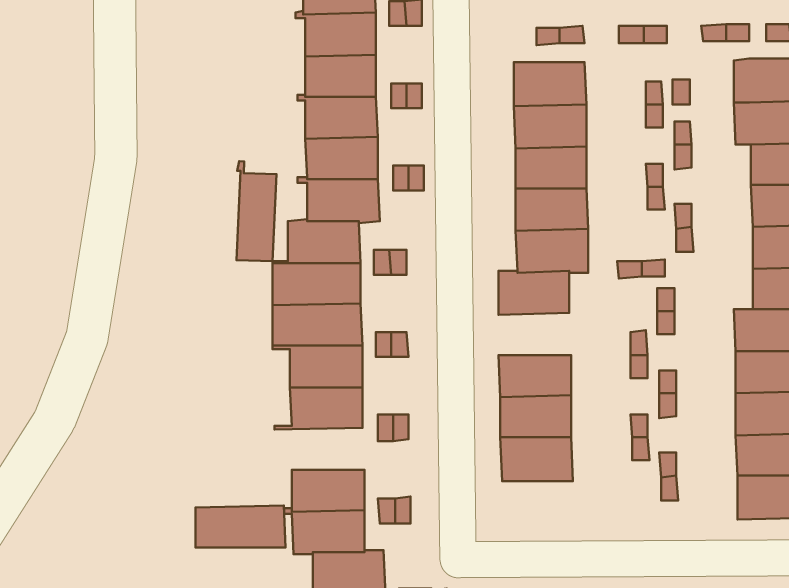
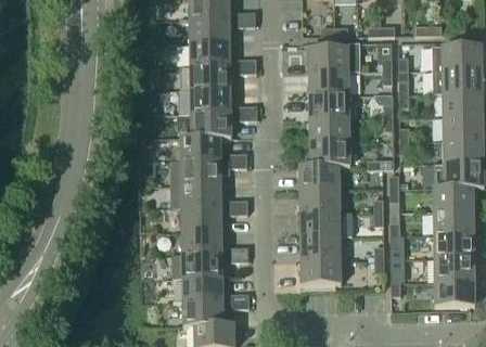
building: [236,161,277,261] -> none
building: none -> [299,188,341,211]
building: [196,505,286,548] -> [172,253,223,277]

